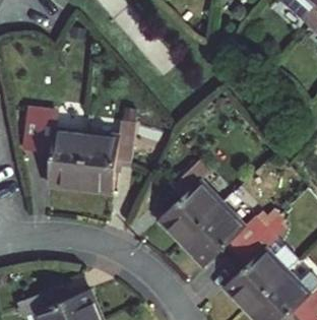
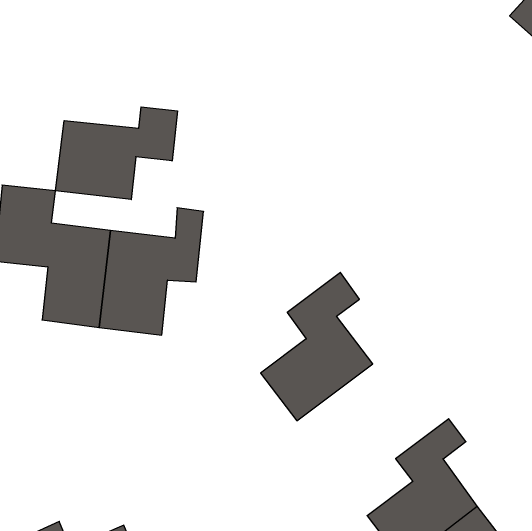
building: none -> [55,107,177,200]
building: [182,198,263,256] -> none

